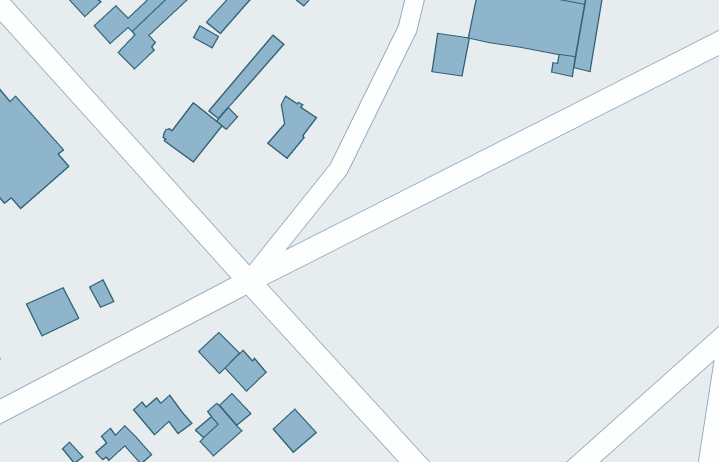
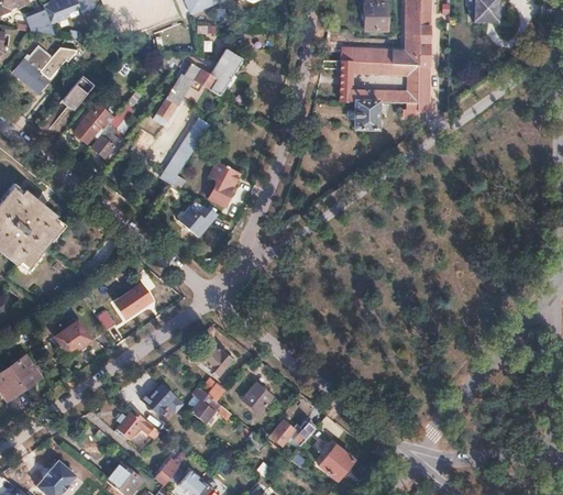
building: [432,33,469,76] -> [354,101,377,129]
building: [163,103,222,162] -> [175,199,216,241]
building: none -> [119,285,151,315]
building: [199,333,240,373] -> none

